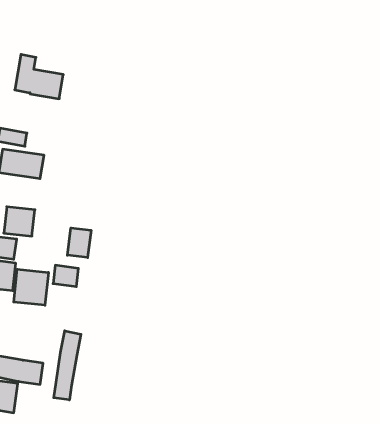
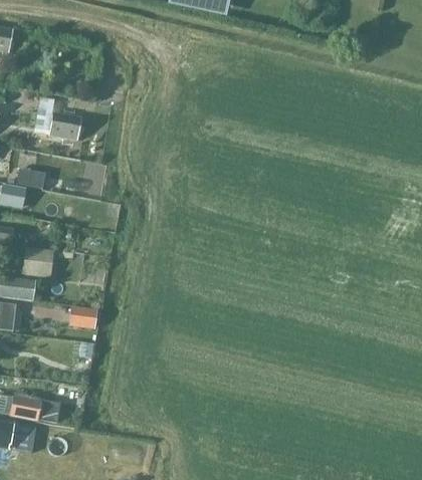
building: [67,228,91,258] -> none
building: [14,269,48,305] -> none
building: [54,331,81,400] -> none

